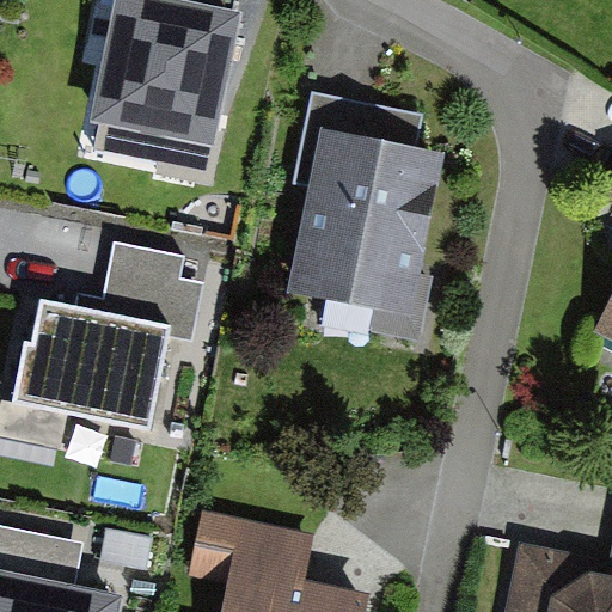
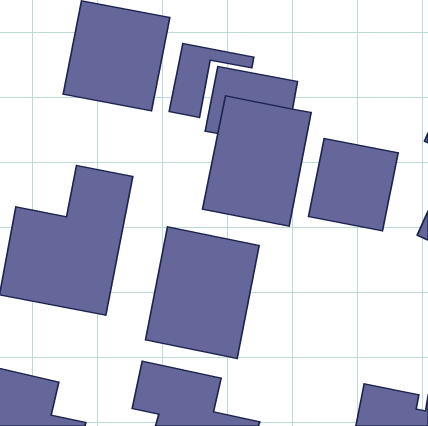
building: none -> [169,43,254,118]
building: none -> [309,138,398,231]
building: none -> [145,227,259,359]

